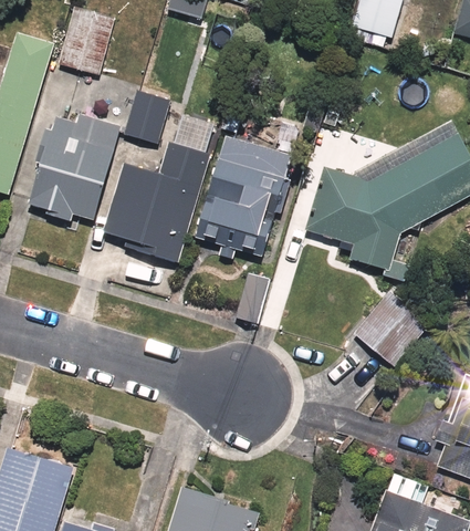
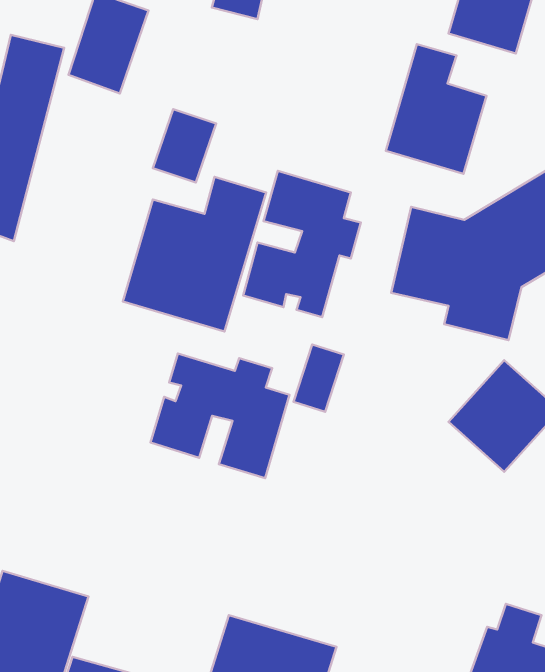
building: none -> [386,44,487,174]
building: [24,110,116,220] -> none
building: none -> [150,353,290,478]

